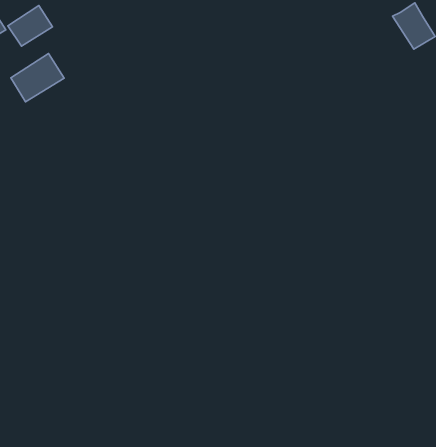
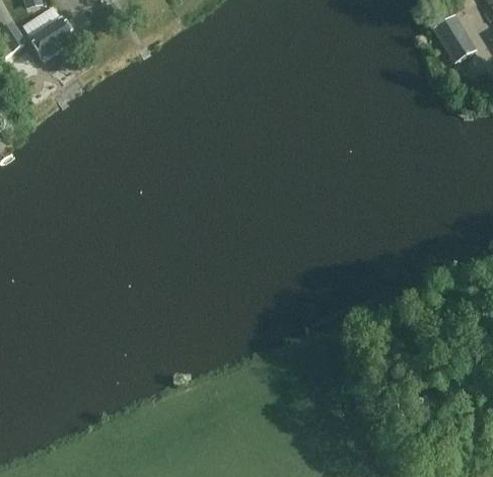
building: [11,53,64,102] -> none

